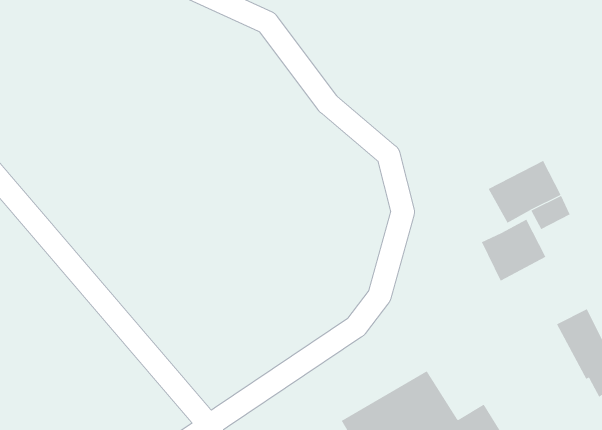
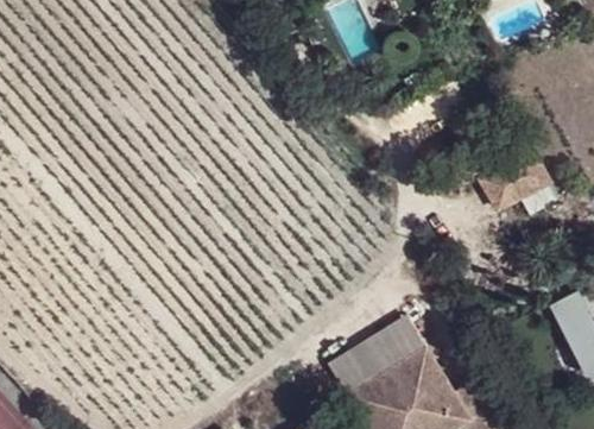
building: [481,219,546,281] -> none
building: none -> [329,316,426,393]

